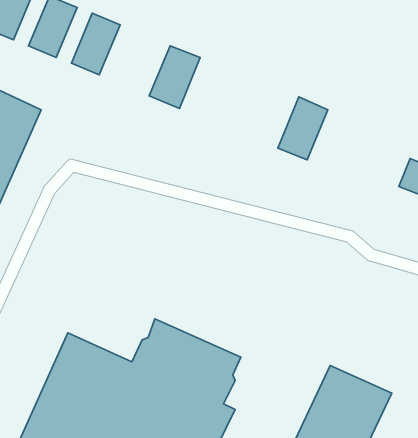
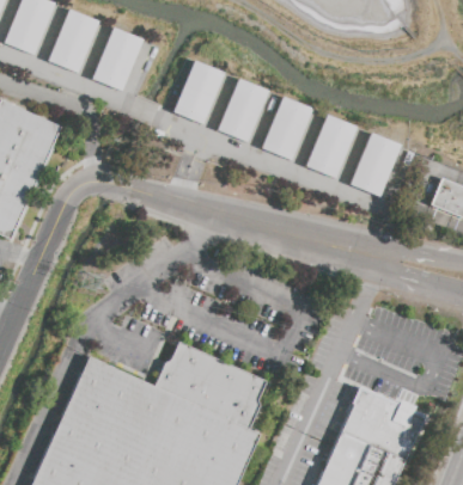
building: none -> [218,79,269,142]
building: none -> [262,97,312,160]
building: none -> [351,133,401,196]

